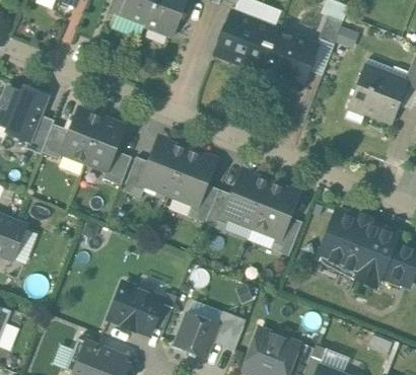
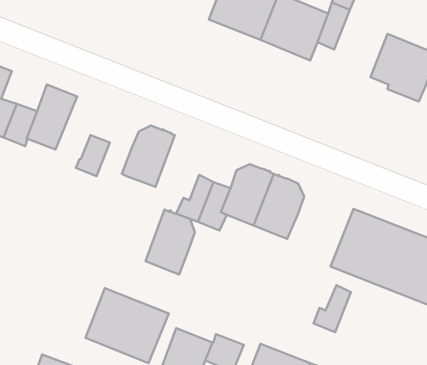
building: [85,118,124,170] -> none
building: [169,150,211,205] -> [145,209,195,275]
building: [123,156,149,198] -> none
building: [270,216,301,255] -> [314,285,351,332]

